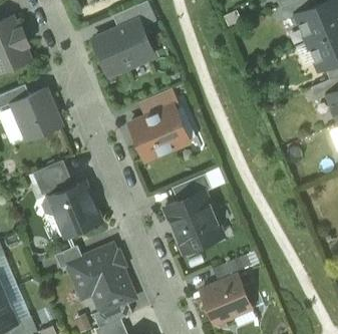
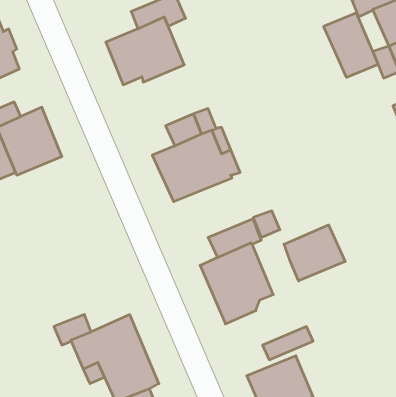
building: none -> [324,13,378,77]
building: [34,160,72,195] -> none
building: none -> [284,225,345,281]
building: [43,182,102,238] -> none

